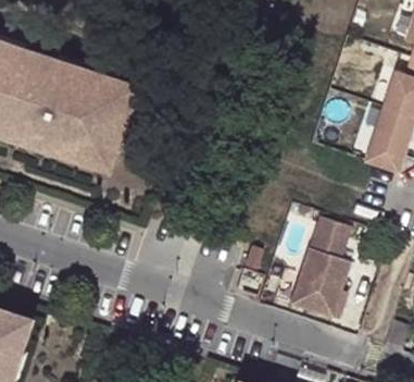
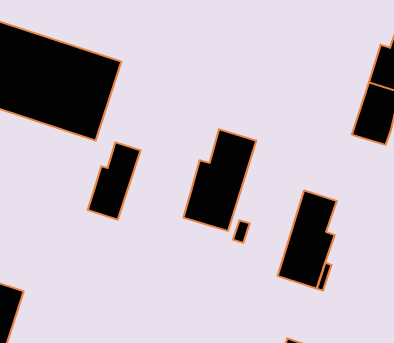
building: none -> [184,129,256,231]
building: none -> [88,142,140,220]

